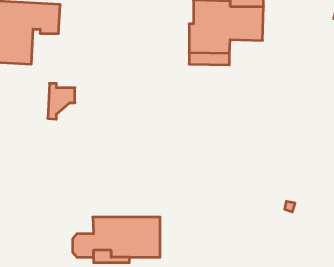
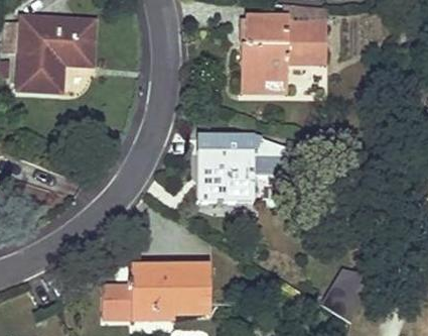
building: [48,83,75,119] -> [59,49,91,91]
building: none -> [195,135,285,201]
building: none -> [324,267,358,319]

